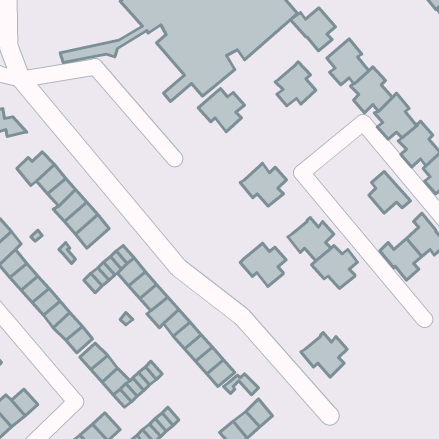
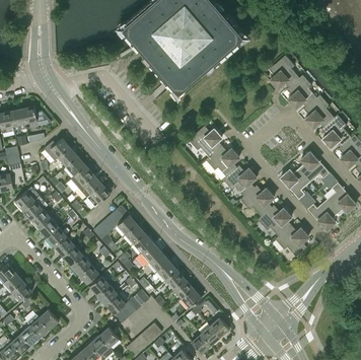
building: [291,8,335,51] -> none
building: [275,62,316,106] -> none
building: [198,88,244,132] -> [189,126,222,157]
building: none -> [281,168,310,199]
building: [240,243,286,286] -> [223,165,257,197]
building: [301,332,347,377] -> [275,224,308,257]

